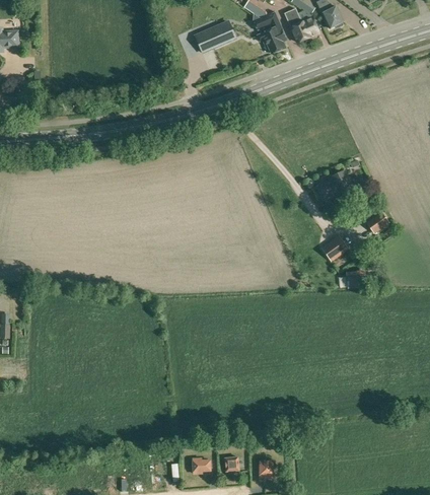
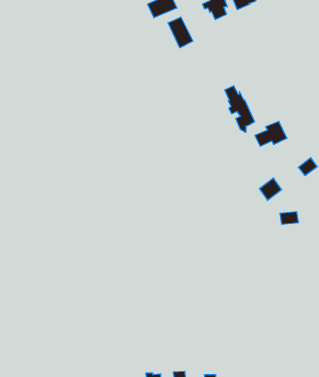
building: none -> [168,17,193,48]
building: none -> [225,86,254,132]

